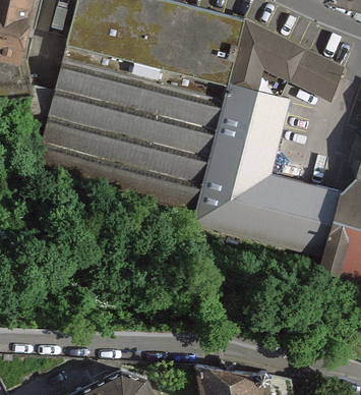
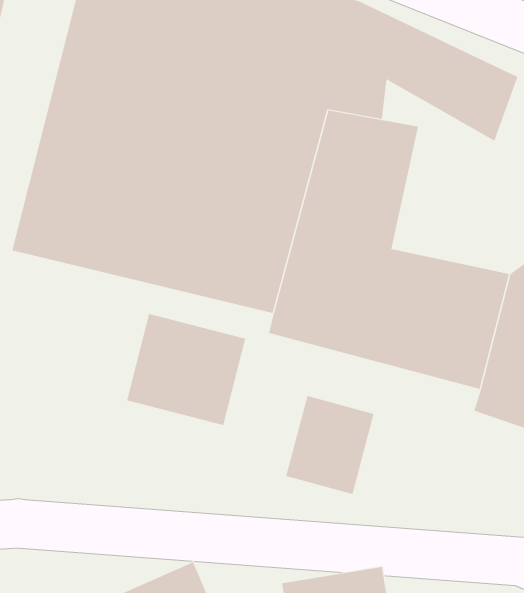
building: none -> [126,313,246,426]
building: none -> [285,395,374,495]

